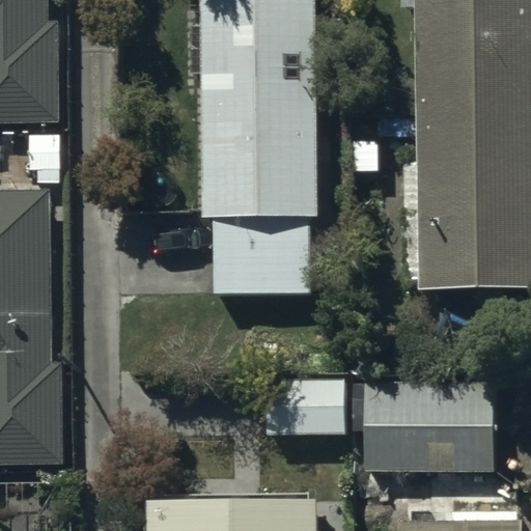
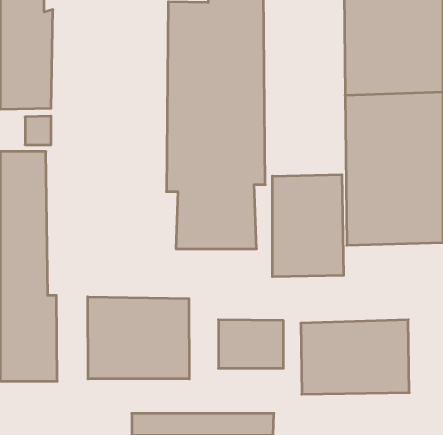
building: none -> [272,175,344,277]
building: none -> [88,297,189,379]

